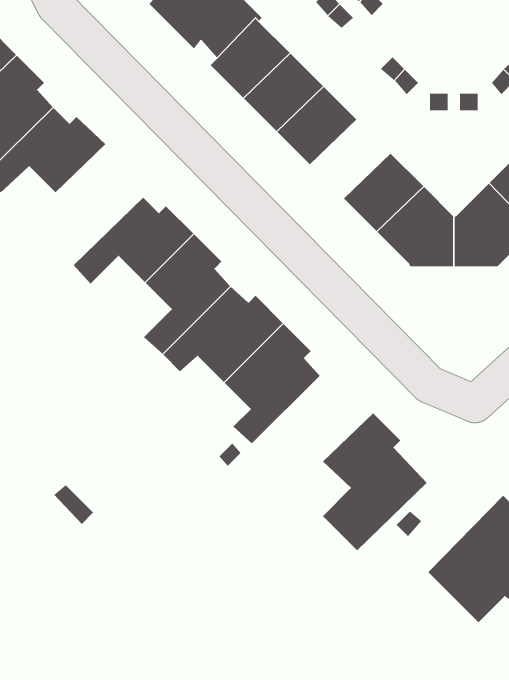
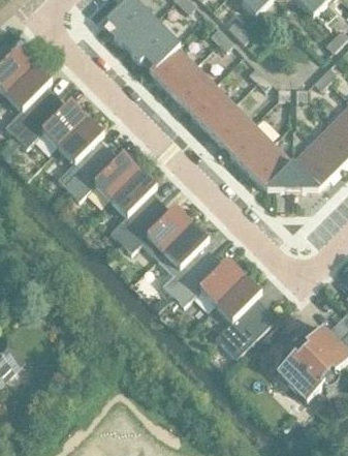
building: none -> [208,103,255,150]
building: none -> [58,118,109,189]
building: none -> [173,254,245,305]

